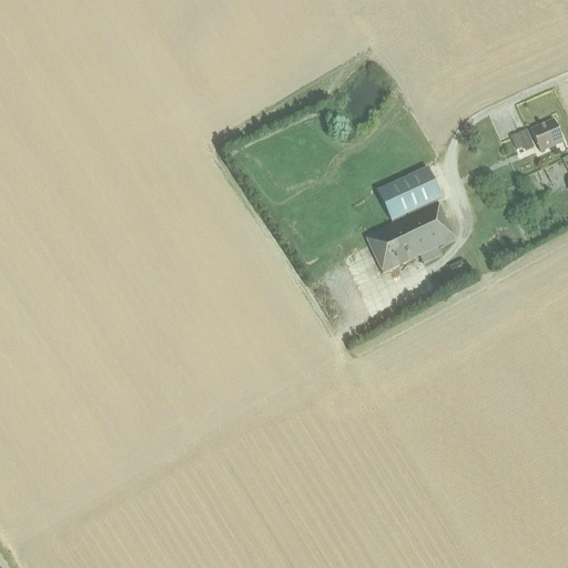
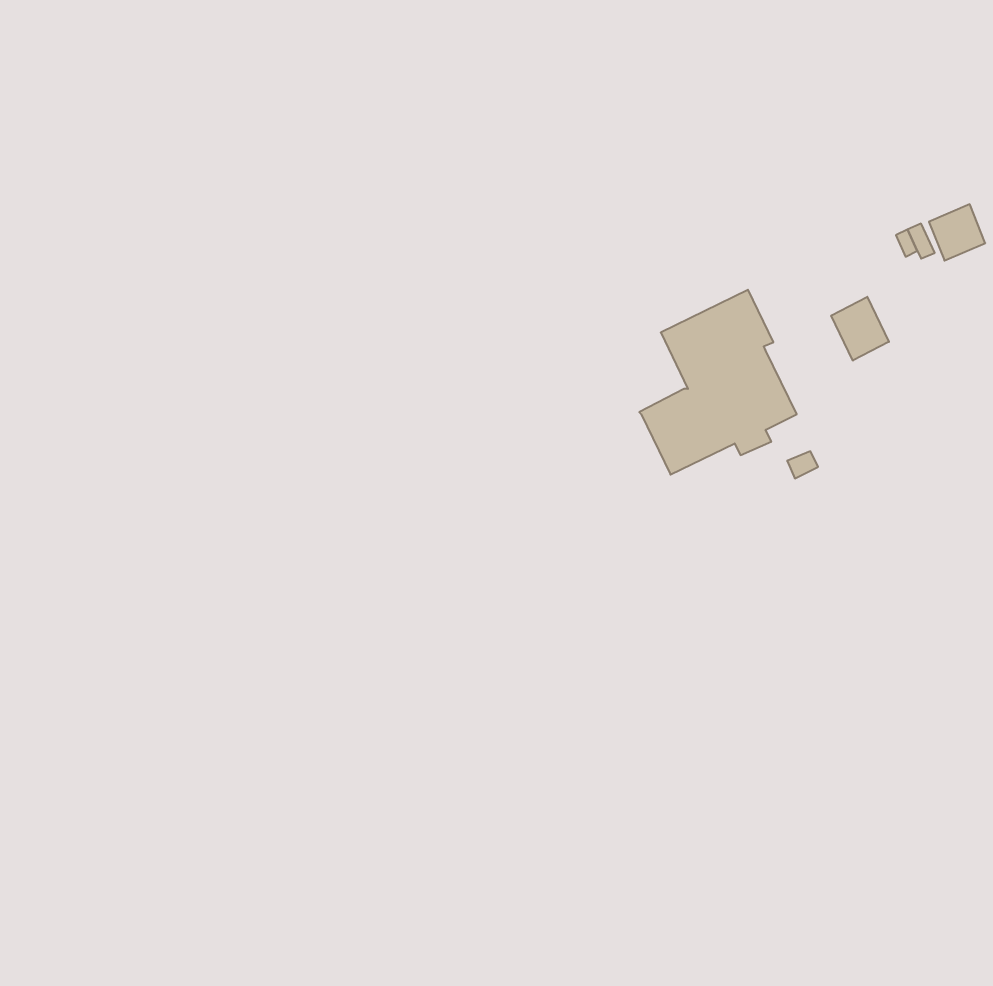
building: none -> [831,297,889,361]

